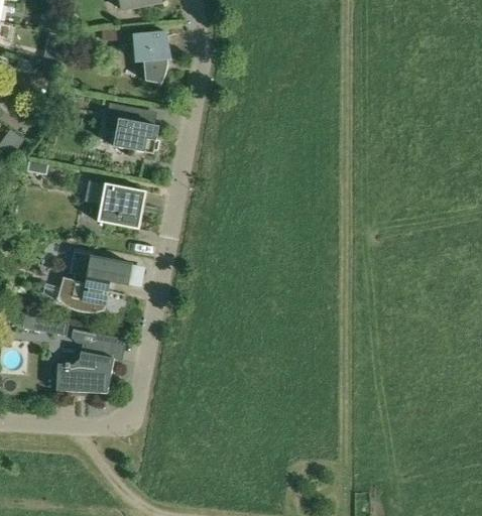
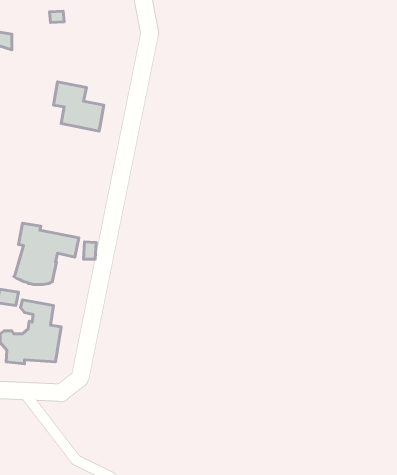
building: [132,30,170,84] -> none
building: [97,181,145,228] -> none

